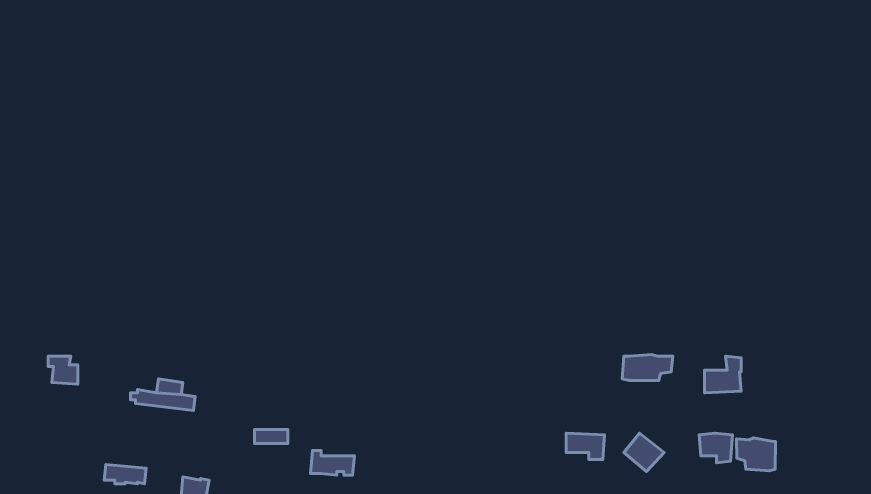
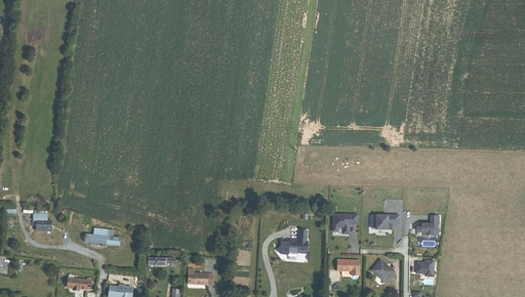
building: none -> [330,212,357,234]
building: none -> [276,229,307,256]
building: [737,438,776,471] -> none

